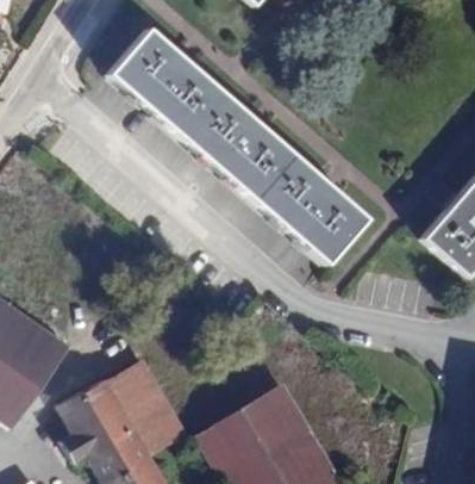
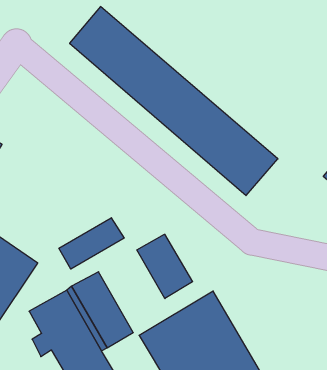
building: none -> [59,218,124,269]
building: none -> [137,234,193,299]

